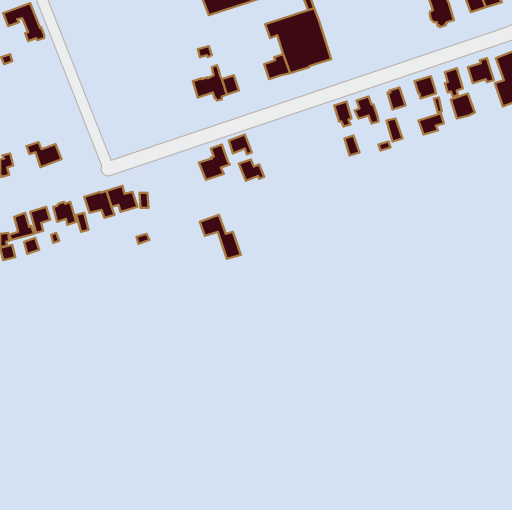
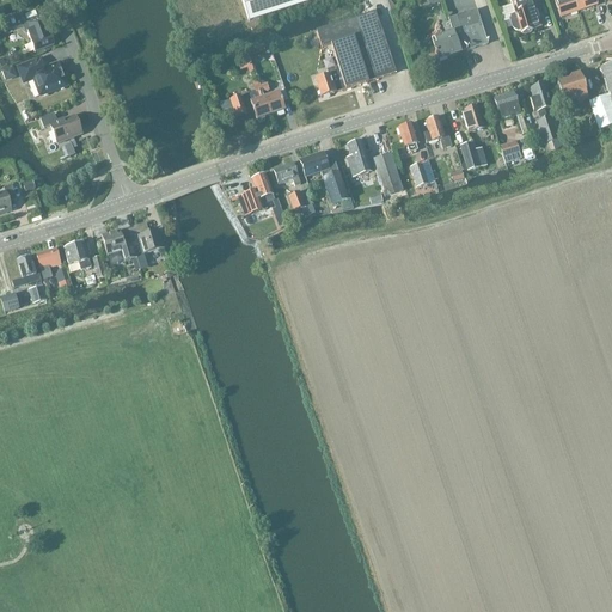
building: none -> [433,7,488,57]
building: none -> [19,56,67,93]
building: none -> [347,139,369,176]
building: none -> [373,152,405,198]
building: [26,142,62,167] -> [41,111,82,141]
building: [200,215,241,259] -> [300,149,349,202]

